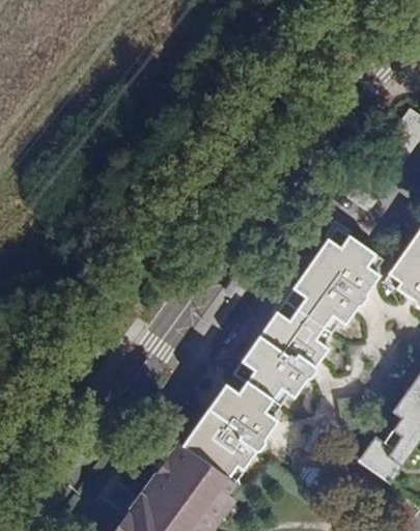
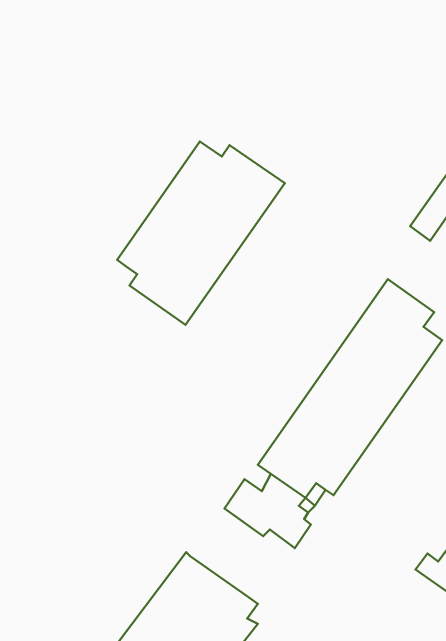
building: none -> [117,141,285,325]
building: [181,409,263,478] -> none

